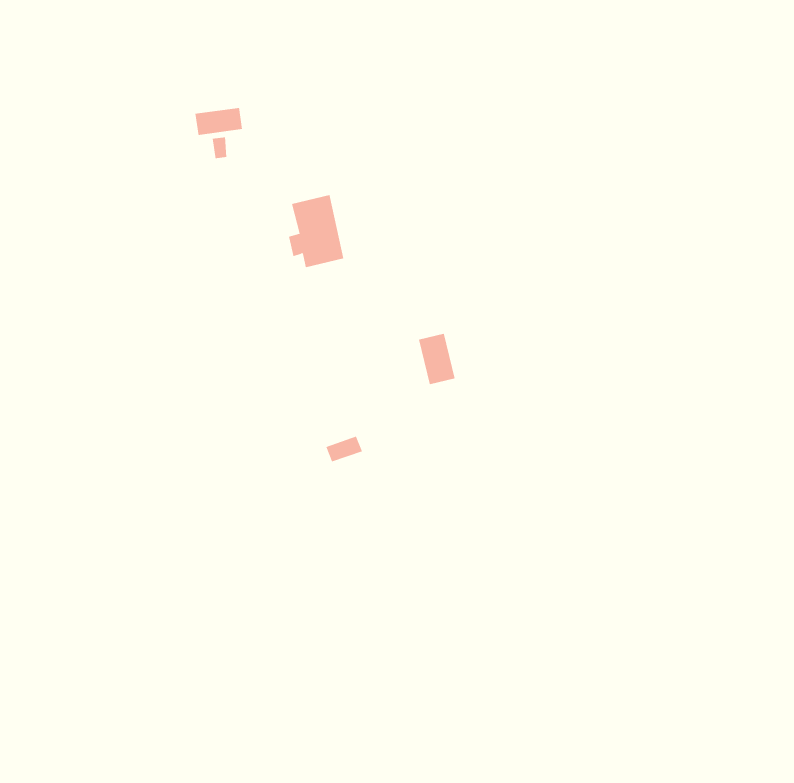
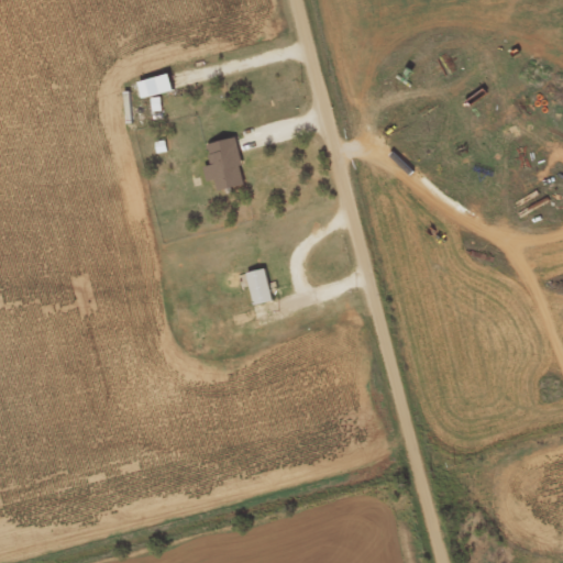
building: [418,333,456,385] -> [245,268,272,305]

